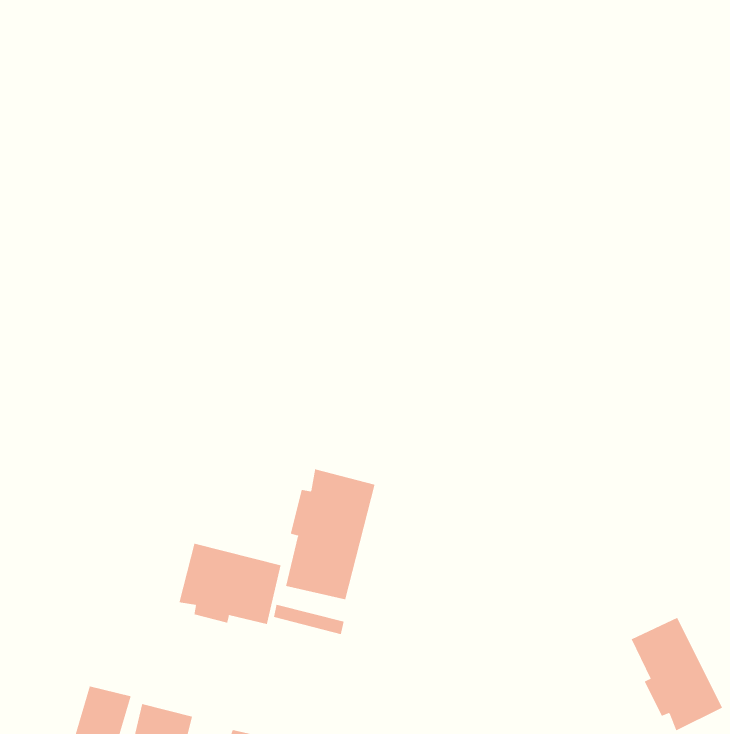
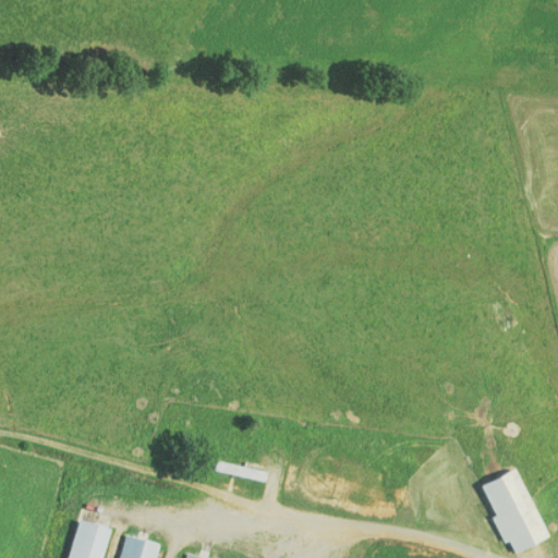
building: [286,469,375,600] -> none
building: [179,543,281,625] -> none

